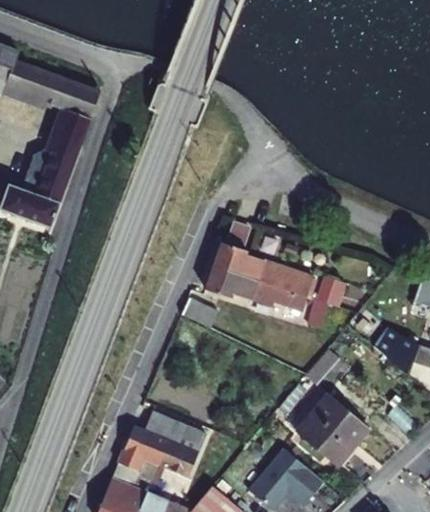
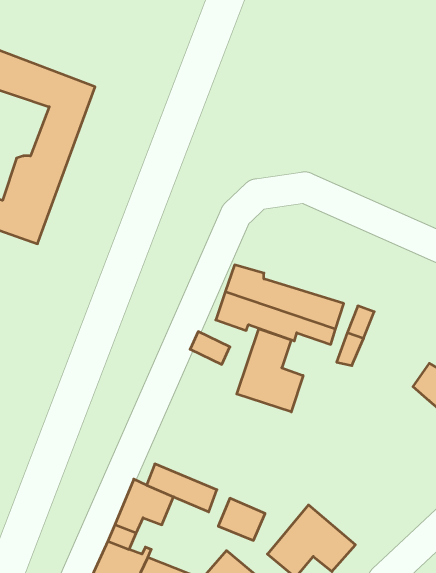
building: none -> [237,329,303,412]
building: [296,394,368,466] -> none
building: [158,440,198,476] -> [218,498,265,540]

